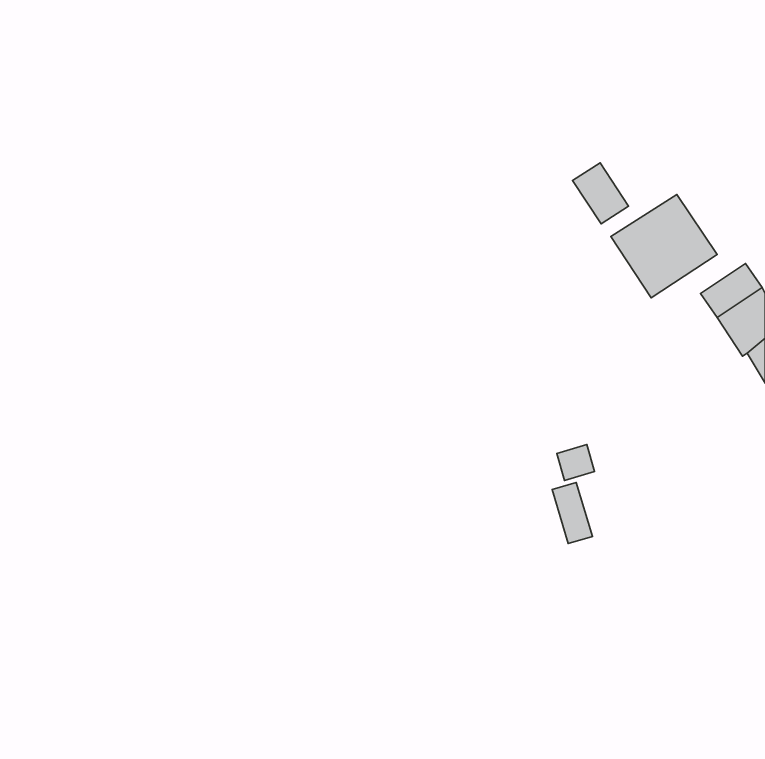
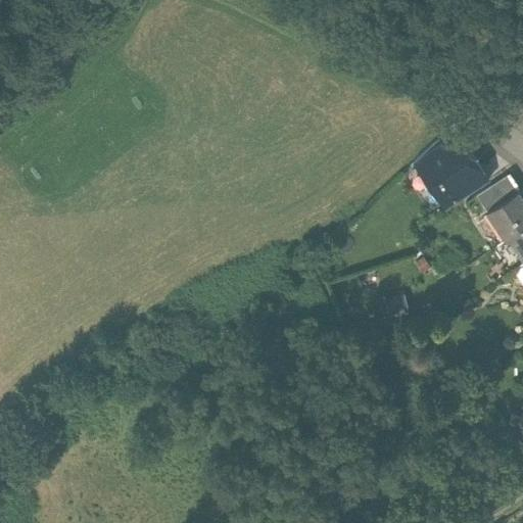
building: [573,163,629,224] -> none
building: [552,483,592,543] -> none

